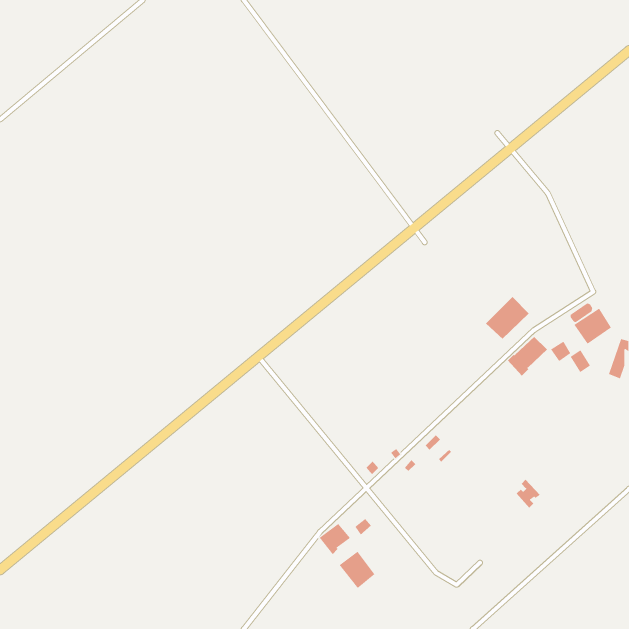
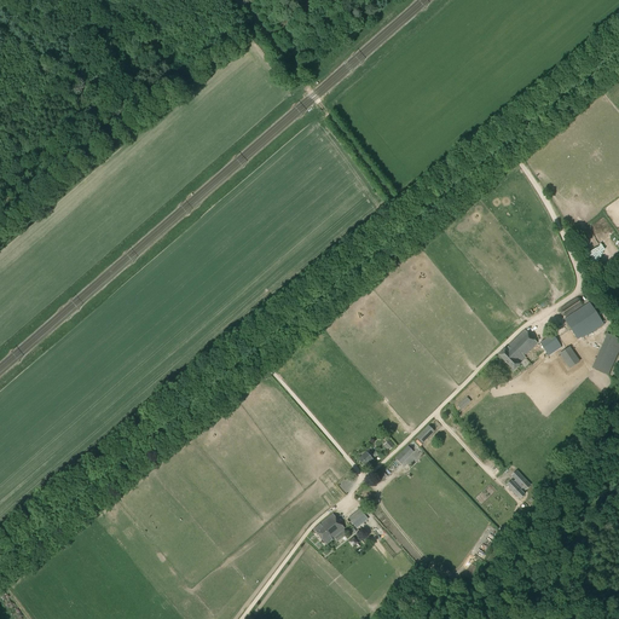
building: [485,296,529,340] -> none
building: [339,551,375,589] -> none

